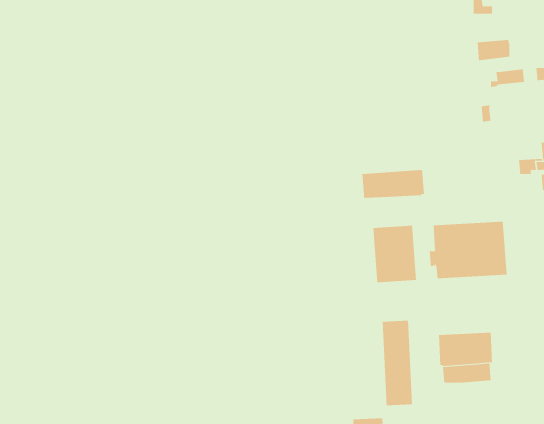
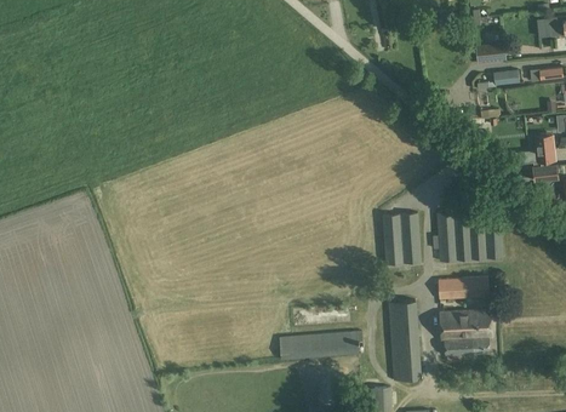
building: [362,169,425,199] -> none
building: none -> [439,277,488,301]
building: none -> [280,332,364,361]

